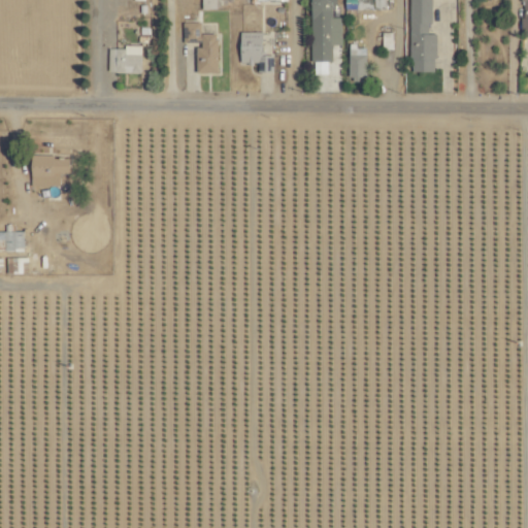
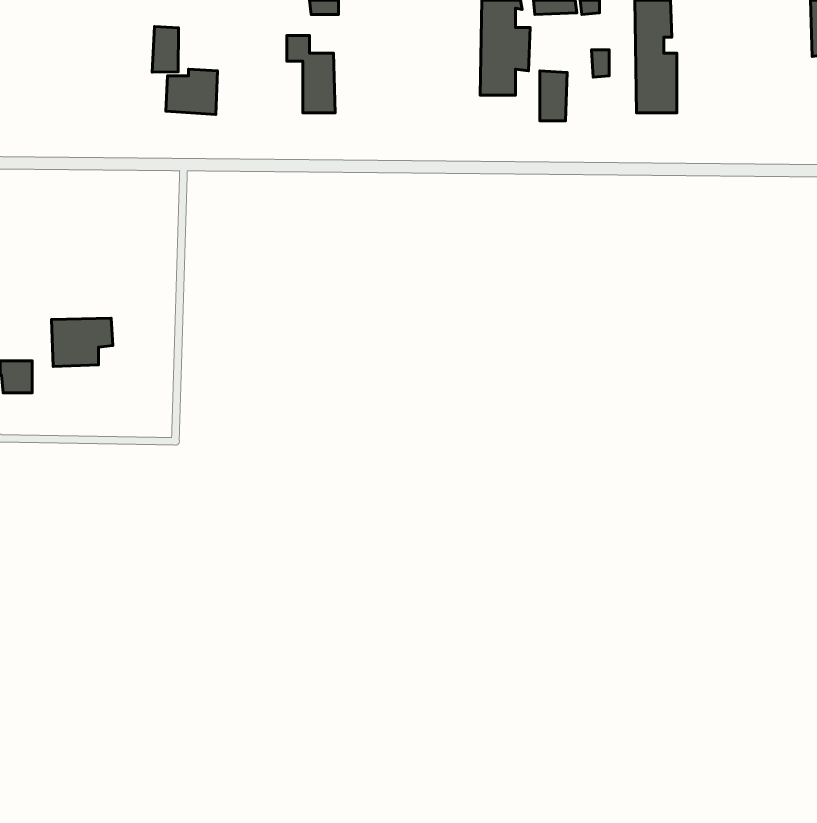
building: none -> [152,27,179,72]
building: [240,32,273,71] -> none
building: [31,156,70,187] -> [52,318,113,366]

